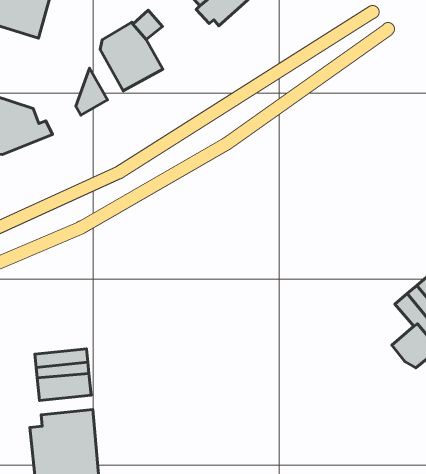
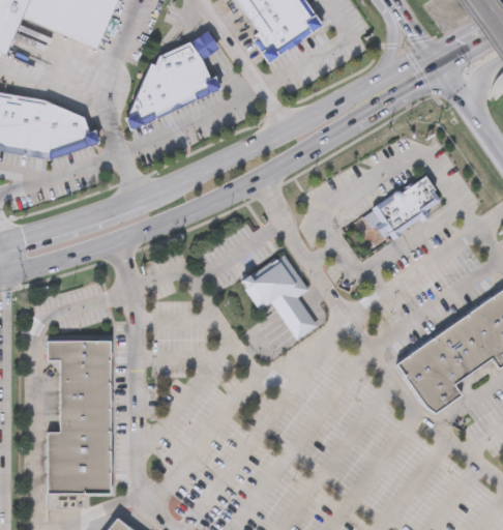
building: none -> [143,61,174,114]
building: none -> [359,176,442,238]
building: none -> [239,252,316,338]
building: none -> [396,347,438,387]
building: none -> [47,340,111,359]
building: none -> [59,406,111,420]

